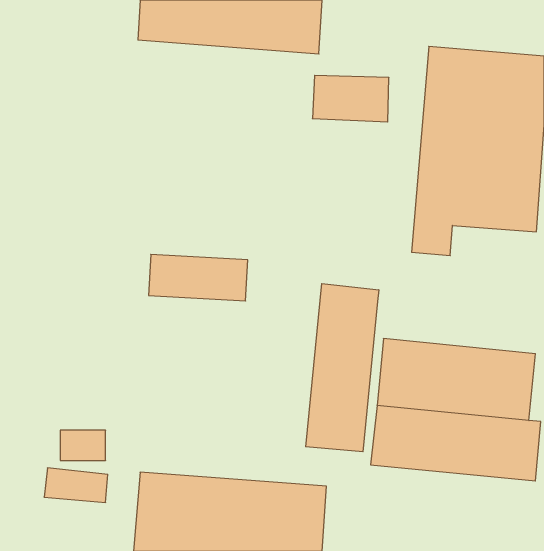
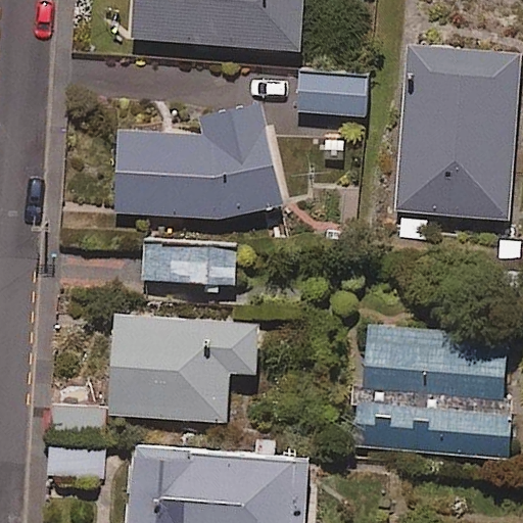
building: none -> [120,109,280,215]
building: [306,284,379,452] -> none
building: none -> [110,315,262,422]

